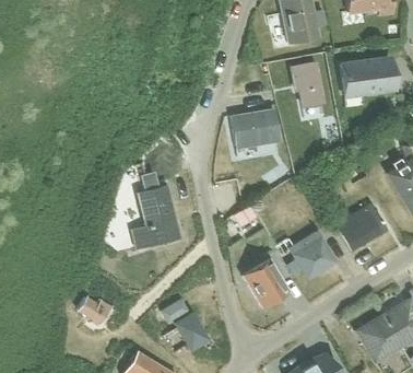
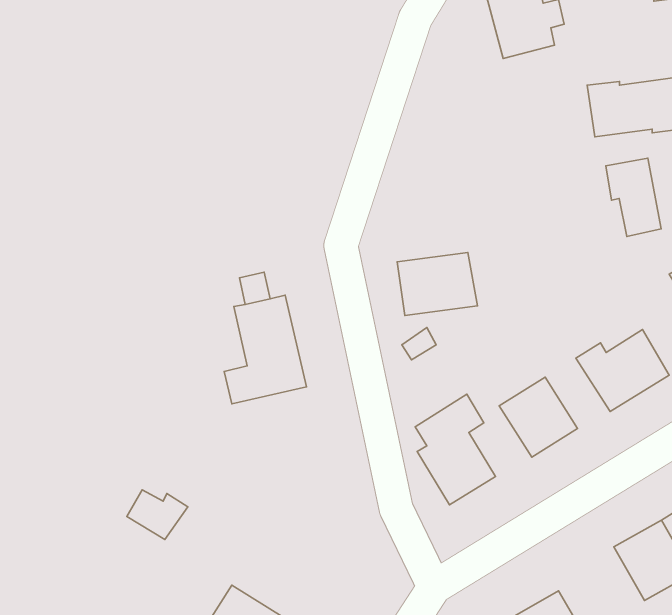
building: [292,61,323,106] -> [606,158,661,237]
building: [234,108,280,144] -> [397,252,477,315]
building: [163,299,204,349] -> none

